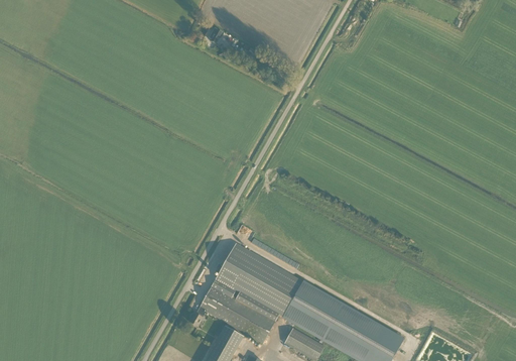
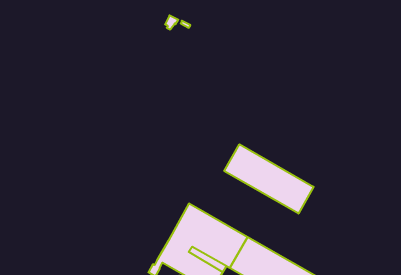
building: none -> [224,144,314,214]

